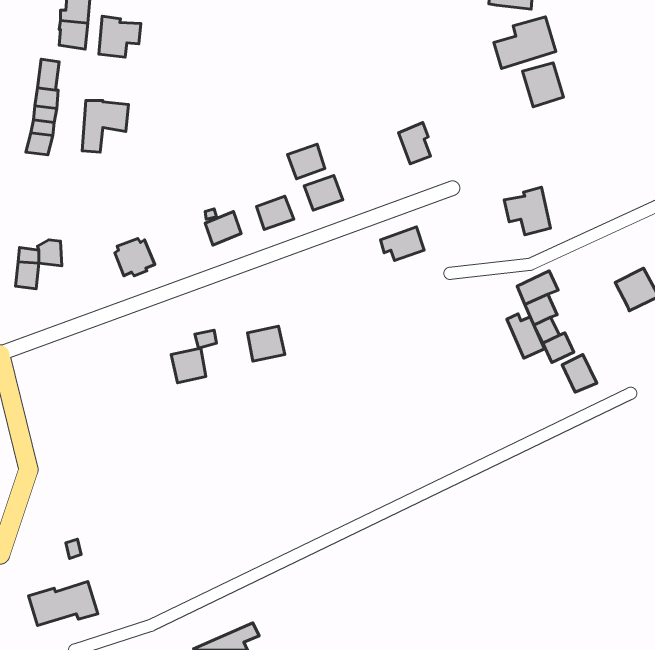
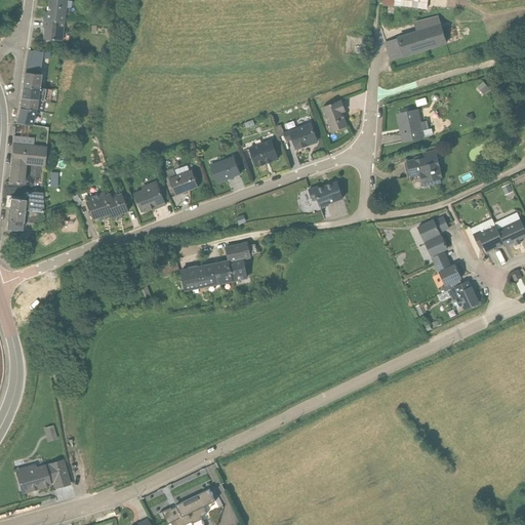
building: [99,16,141,57] -> none
building: [522,63,563,107] -> none
building: [82,101,128,152] -> [18,142,55,183]
building: none -> [394,108,427,143]
building: [287,144,325,179] -> [285,122,315,150]
building: none -> [130,179,163,211]
building: none -> [469,218,502,254]
building: none -> [221,242,247,282]
building: [507,314,544,358] -> none
building: [171,348,206,383] -> [176,265,204,292]

